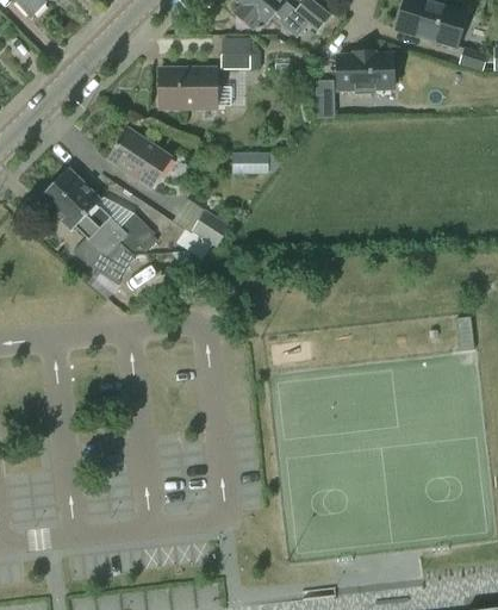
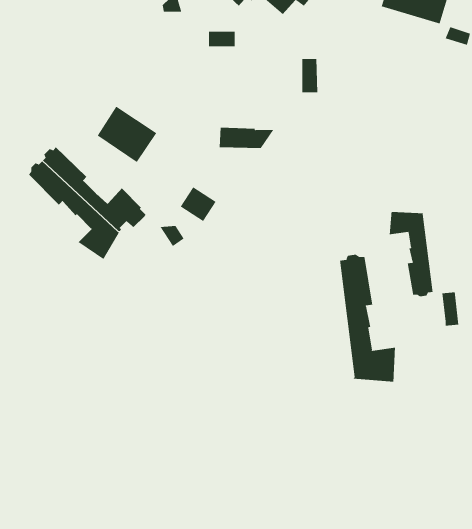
building: [337,52,398,93] -> none
building: [160,68,216,107] -> none
building: none -> [389,211,433,297]
building: none -> [340,254,396,382]

